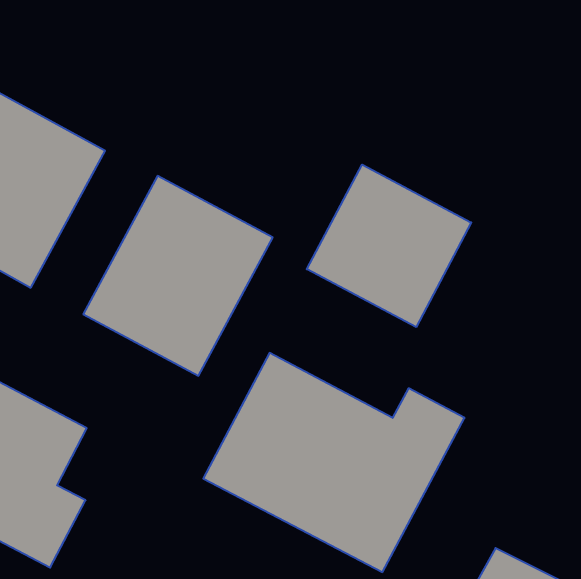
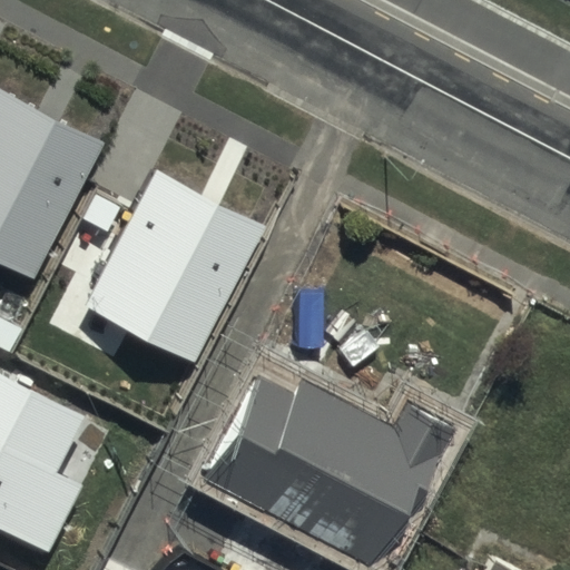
building: [307,165,471,327] -> none

